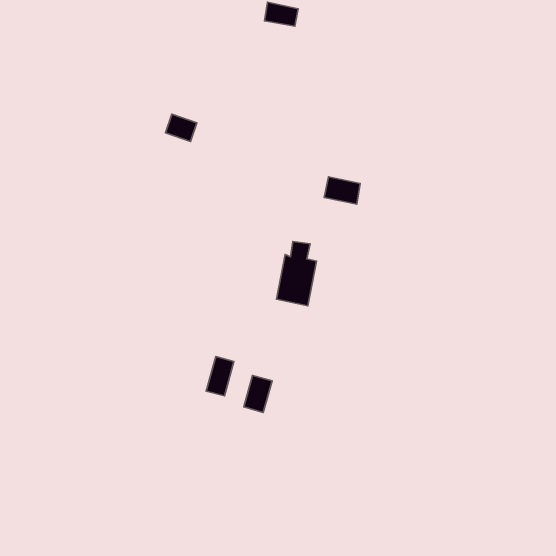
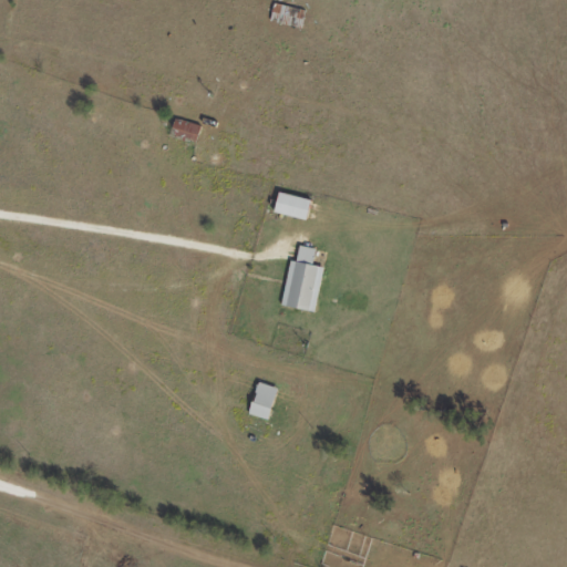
building: [324,177,360,204] -> [274,192,310,219]
building: [206,356,234,396] -> none

